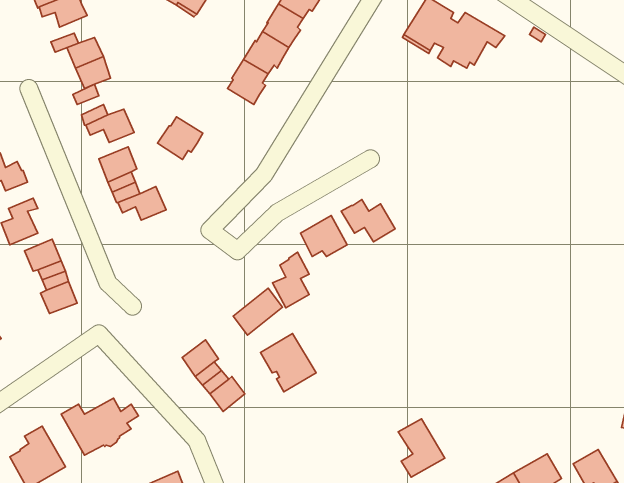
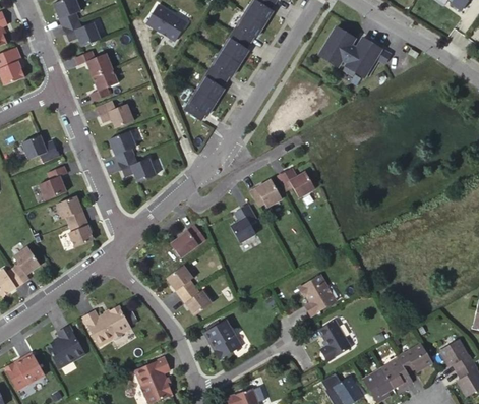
building: [158,117,203,159] -> [185,90,217,119]
building: [233,288,283,335] -> [171,224,205,256]
building: [261,333,316,392] -> [202,319,241,359]
building: none -> [298,274,335,315]

